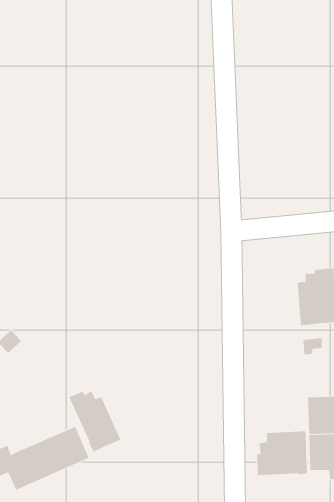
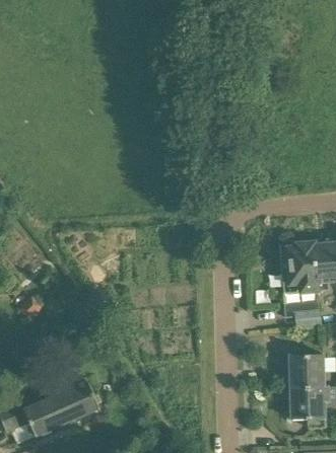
building: [69,391,121,452] -> none
building: [257,431,308,476] -> none

